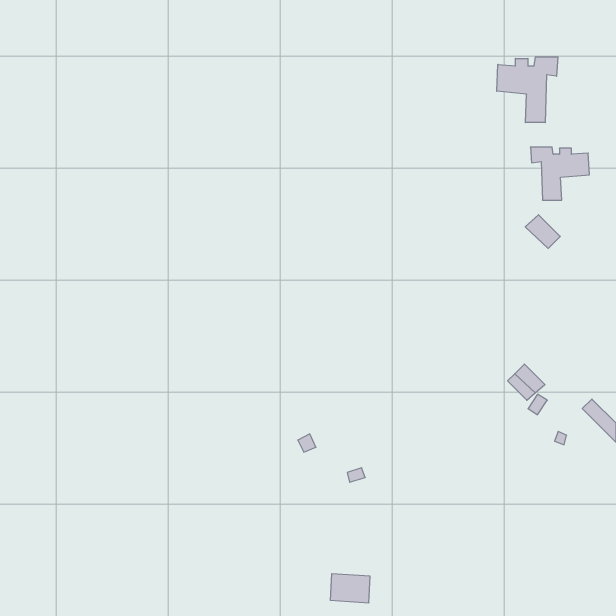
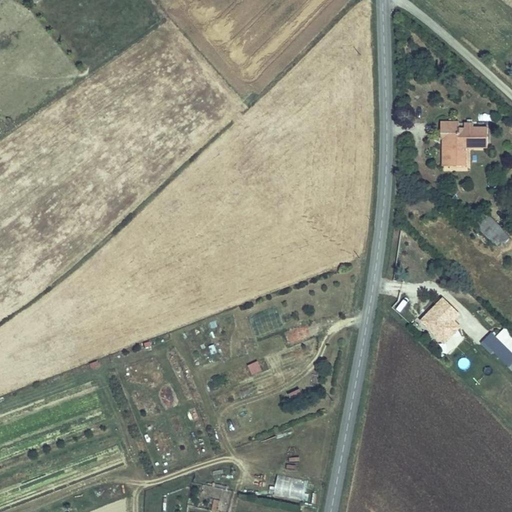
building: [497,57,558,123] -> none
building: [525,215,560,248] -> [476,216,505,244]

